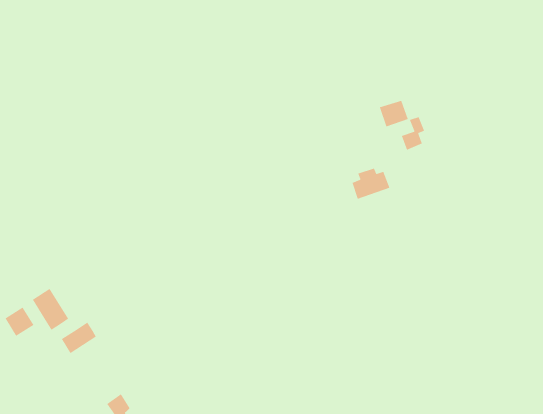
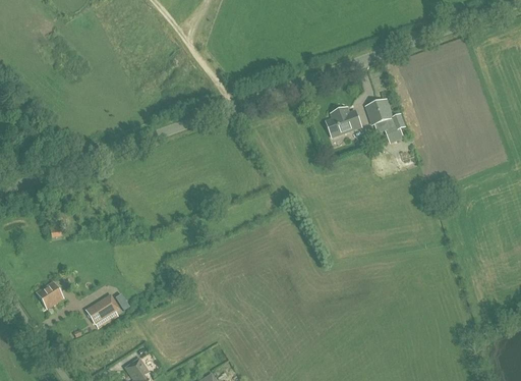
building: [351,167,391,200] -> [326,107,360,135]
building: [32,288,69,331] -> none

